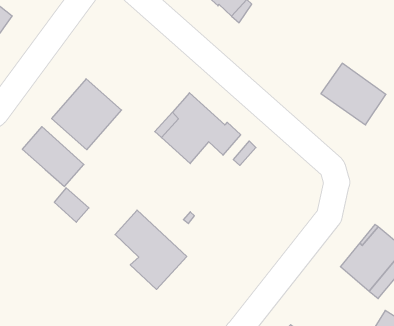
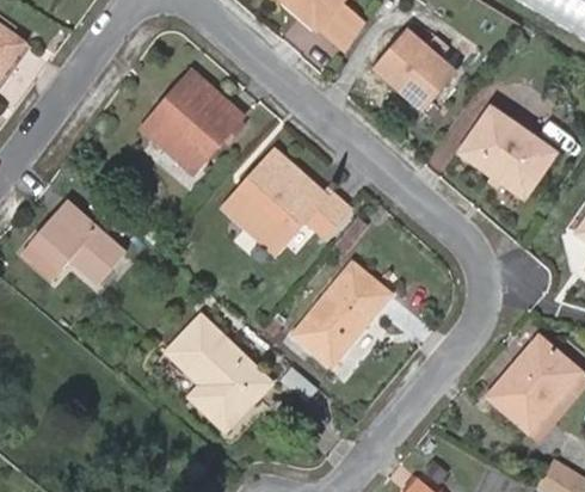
building: none -> [375,27,455,107]
building: [52,79,122,150] -> [142,72,241,172]
building: none -> [295,262,389,365]
building: [54,188,89,222] -> [21,230,70,279]

